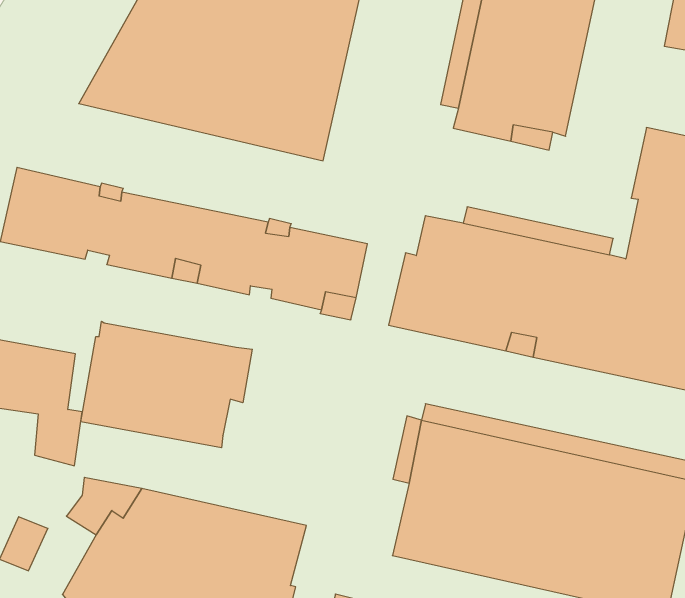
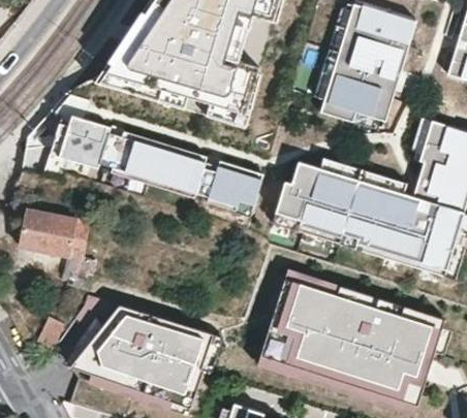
building: [81,321,252,448] -> none

